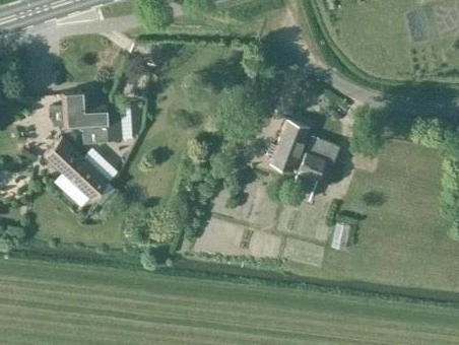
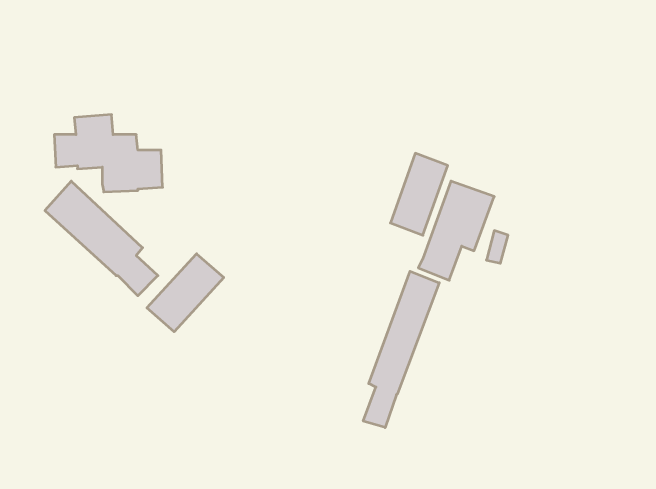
building: none -> [147,254,224,332]
building: none -> [363,271,439,428]

